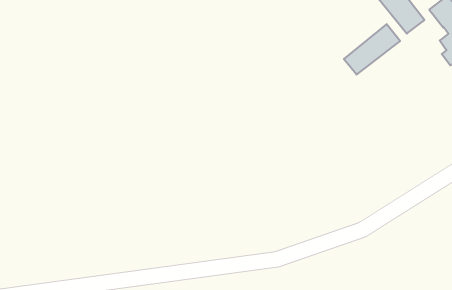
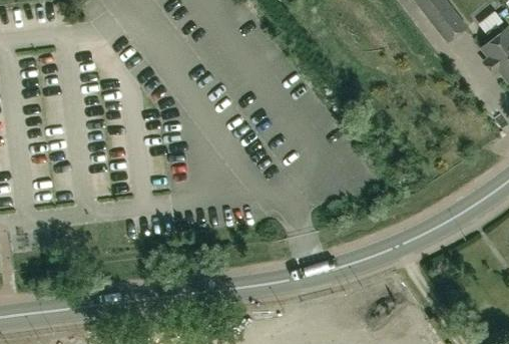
building: [344,24,400,75] -> none

